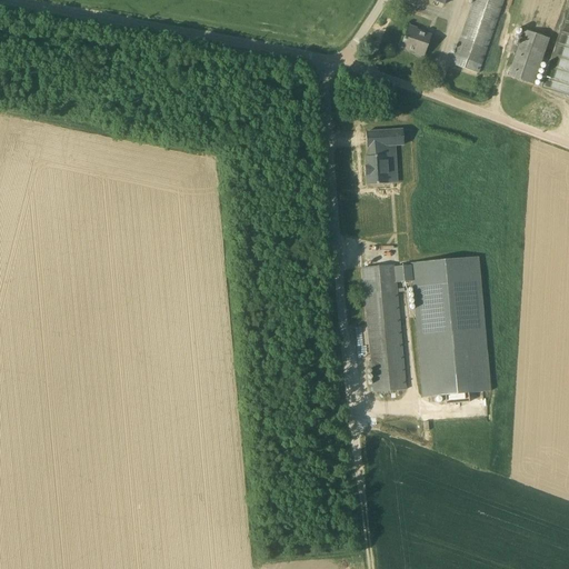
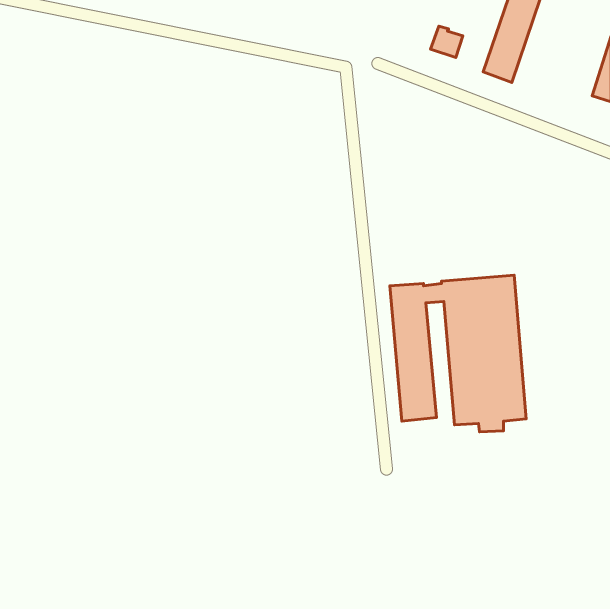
building: [510,28,550,82] -> none
building: [366,128,405,183] -> none

